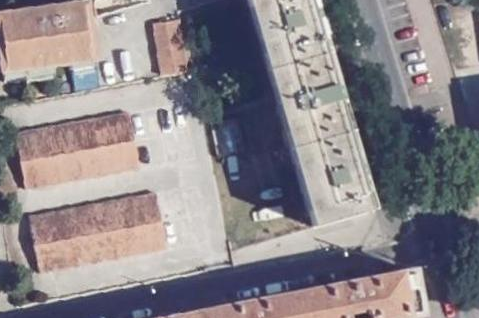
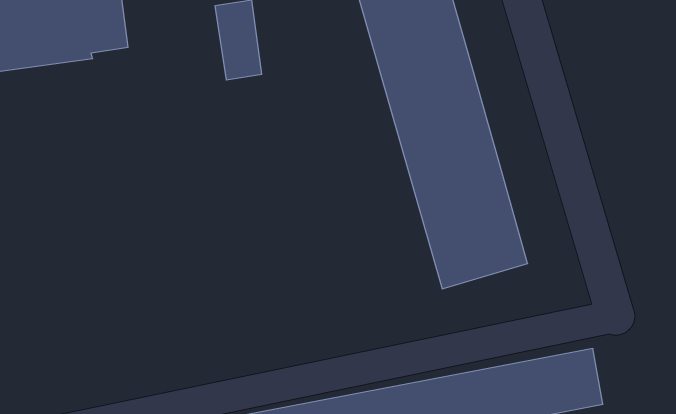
building: [15,113,139,191] -> none
building: [29,194,166,274] -> none

